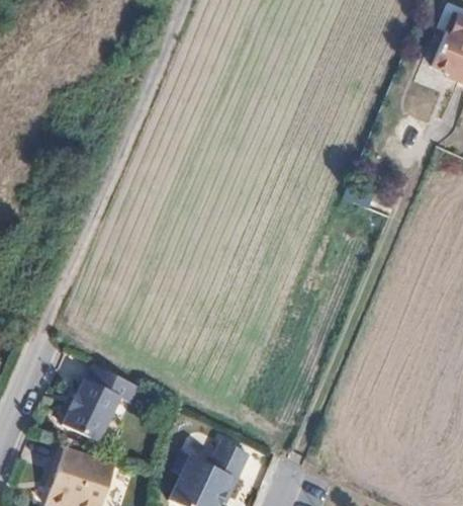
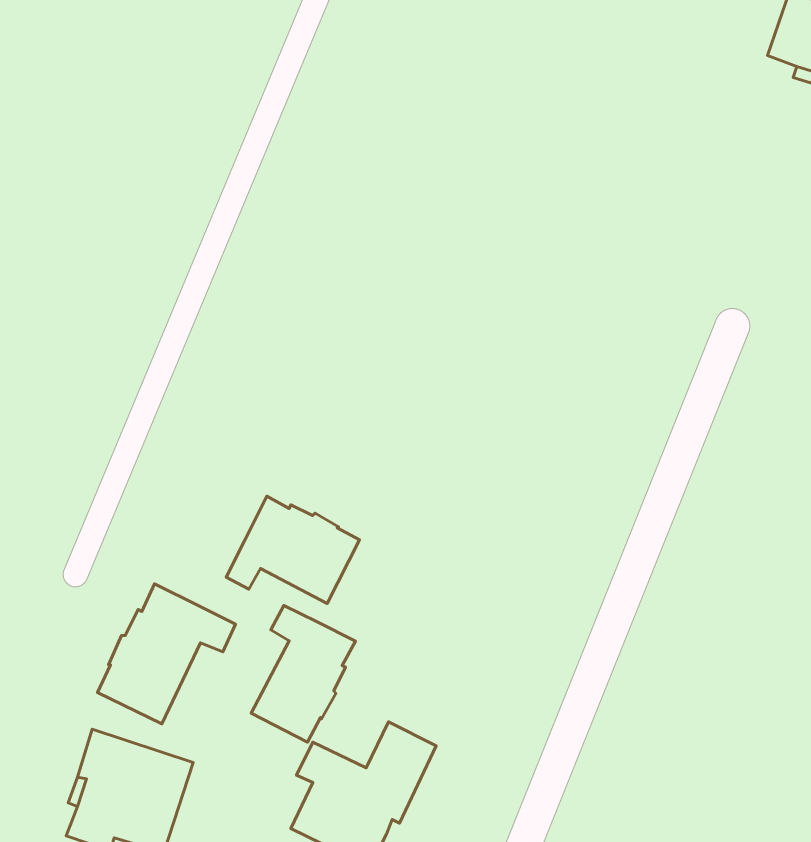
building: none -> [226,496,360,604]
building: none -> [251,605,355,742]

